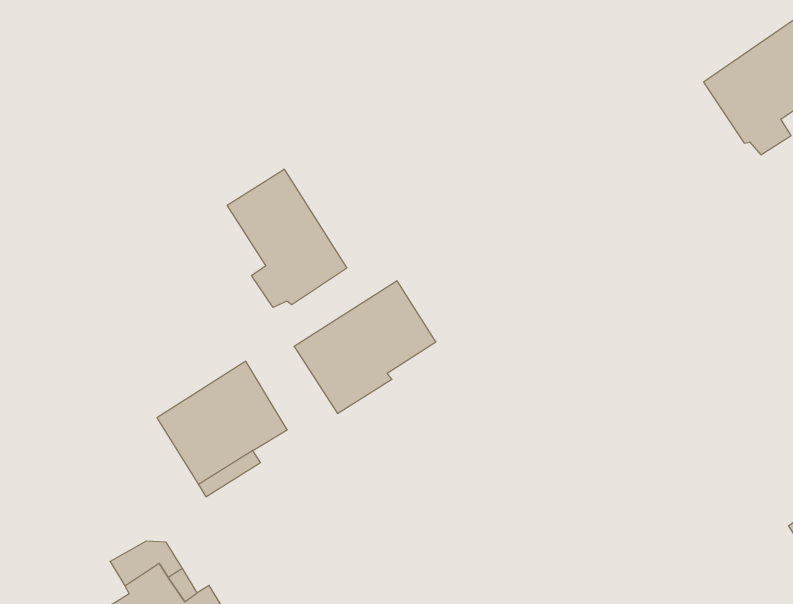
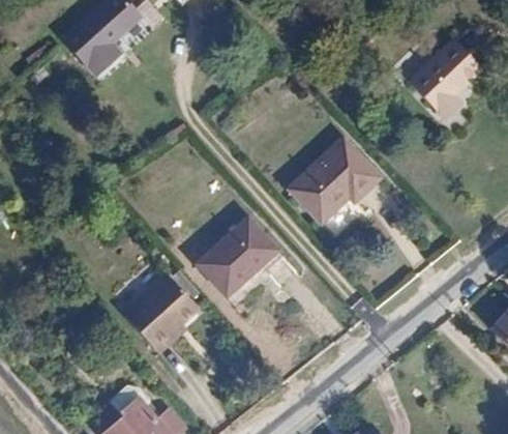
building: [227,169,347,307] -> none
building: none -> [292,142,382,225]

